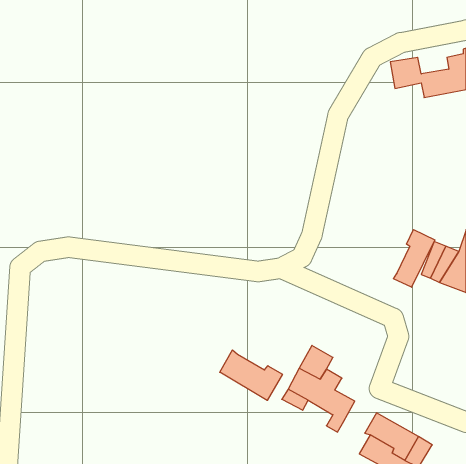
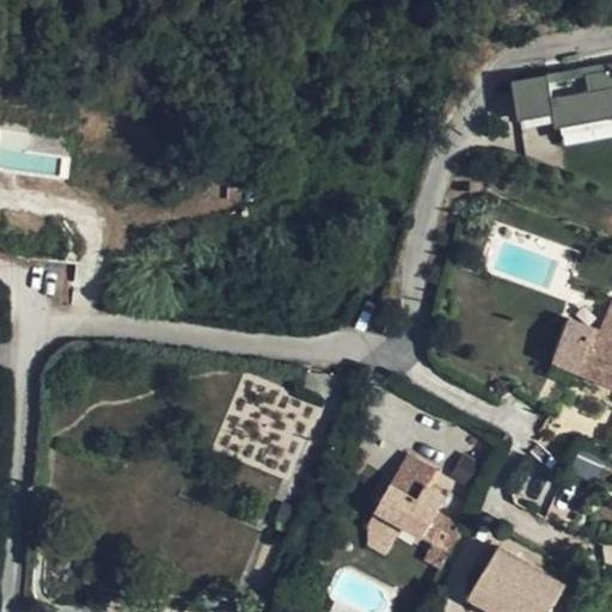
building: [393,230,435,287] -> none
building: [220,350,282,400] -> none

